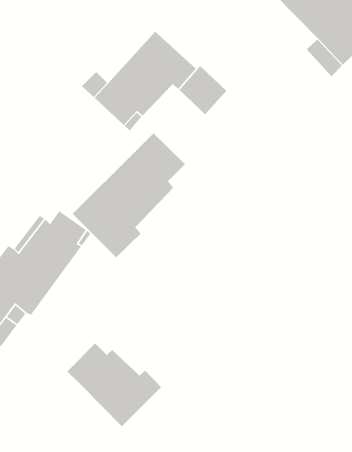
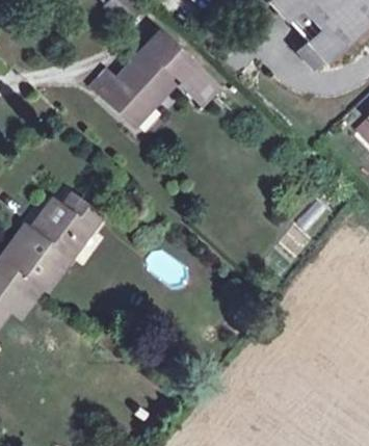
building: [72,132,186,258] -> none
building: [66,343,162,427] -> none

